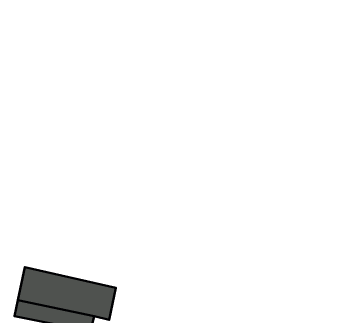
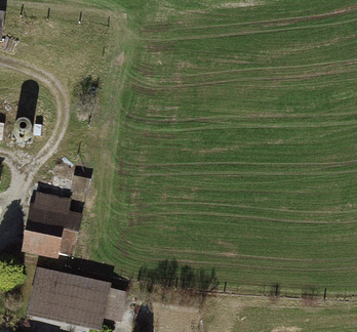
building: none -> [24,193,72,253]

